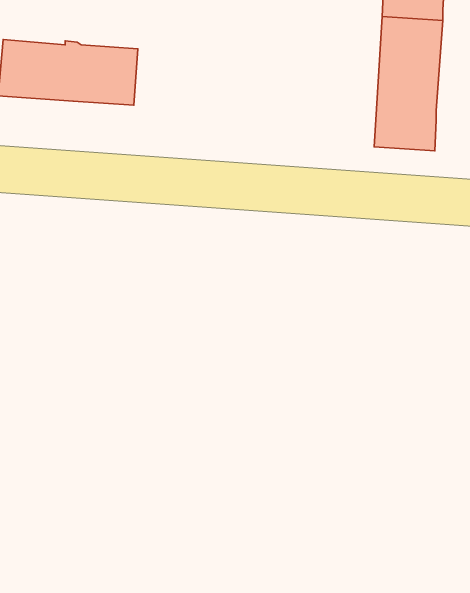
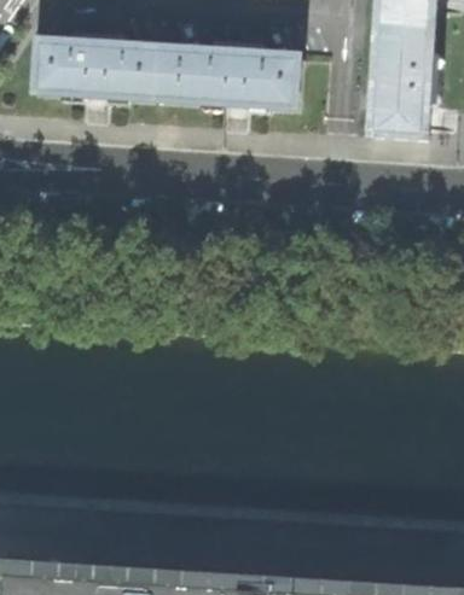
building: none -> [155,46,297,106]

